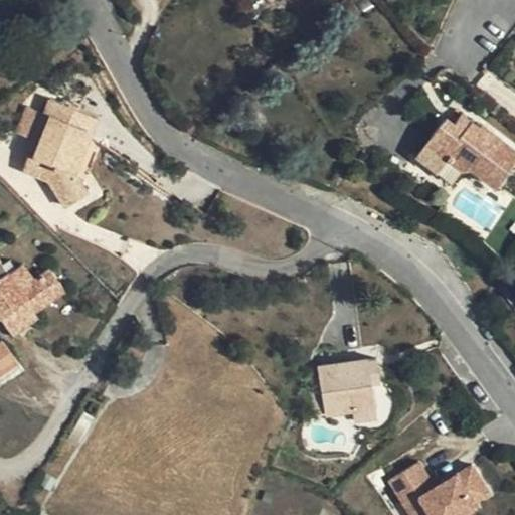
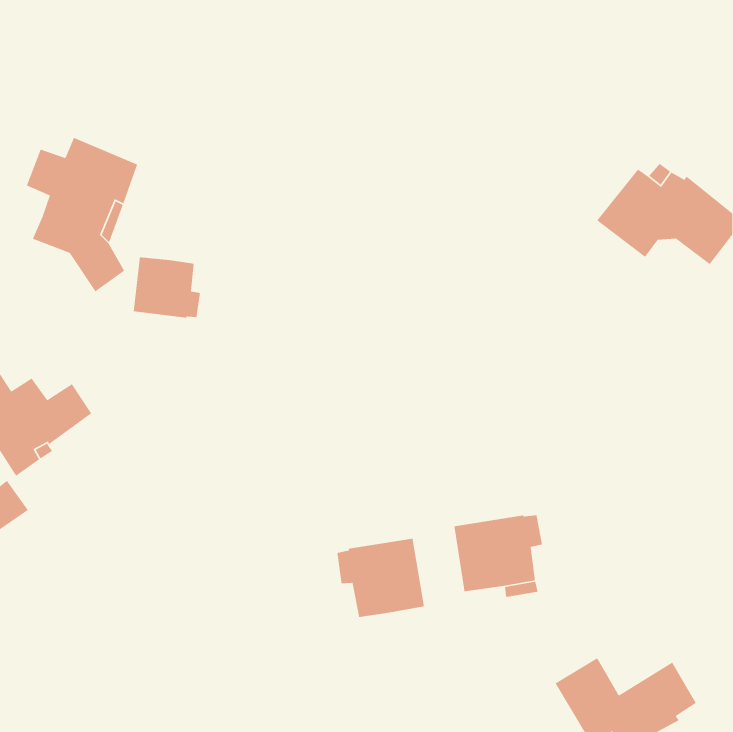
building: none -> [133,256,201,318]
building: none -> [336,538,425,618]

